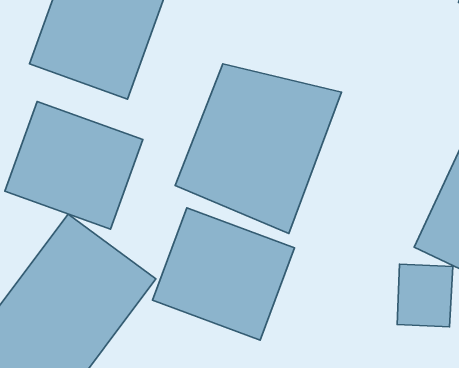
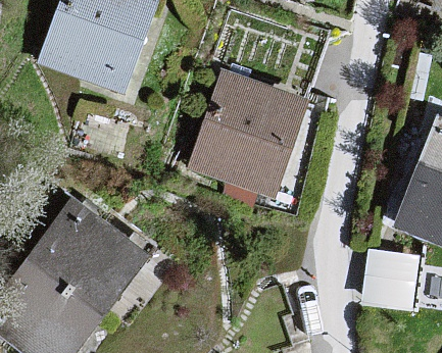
building: [5,101,143,229] -> none
building: [153,208,295,340] -> none

